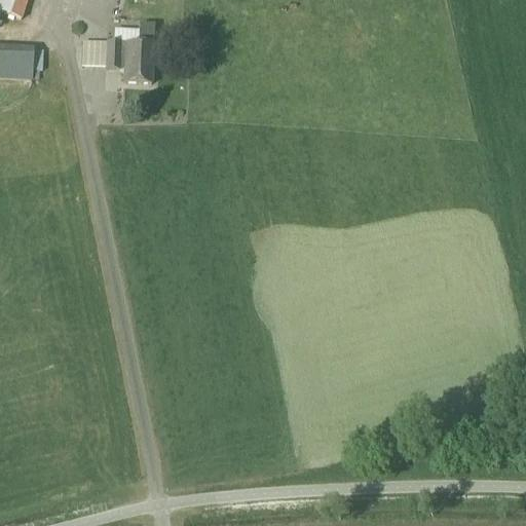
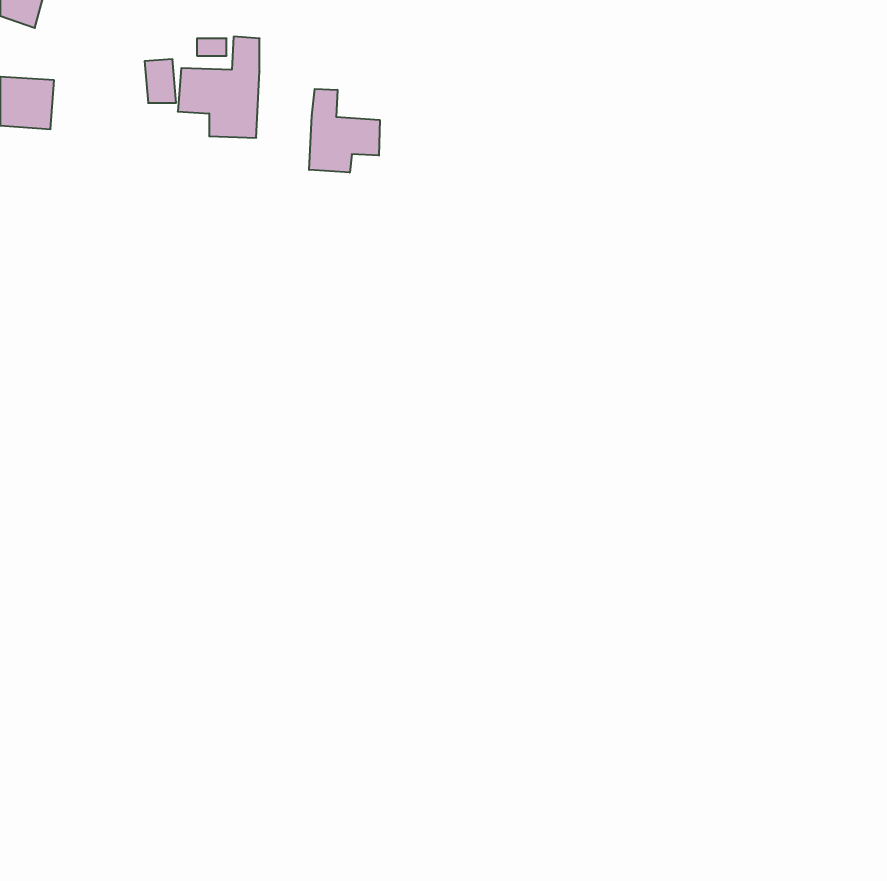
building: none -> [309,89,380,173]

